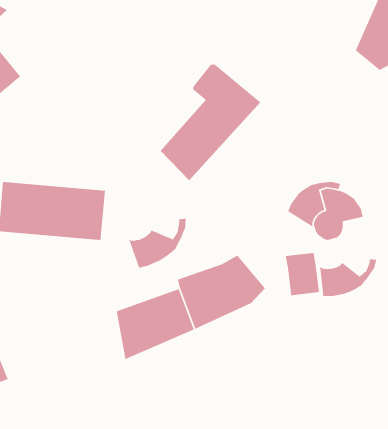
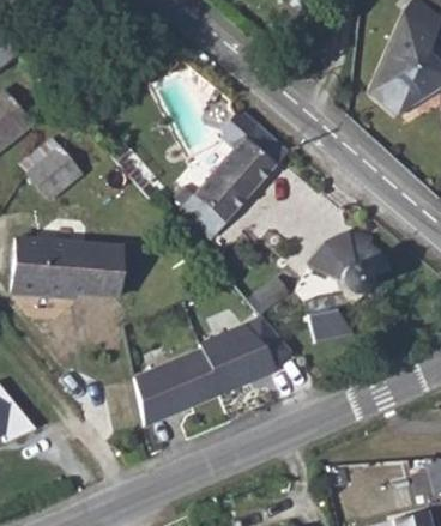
building: none -> [25,144,80,198]
building: [128,218,186,268] -> none
building: [319,258,377,297] -> none

